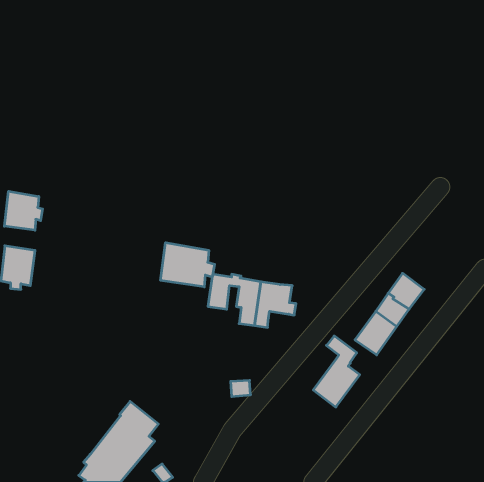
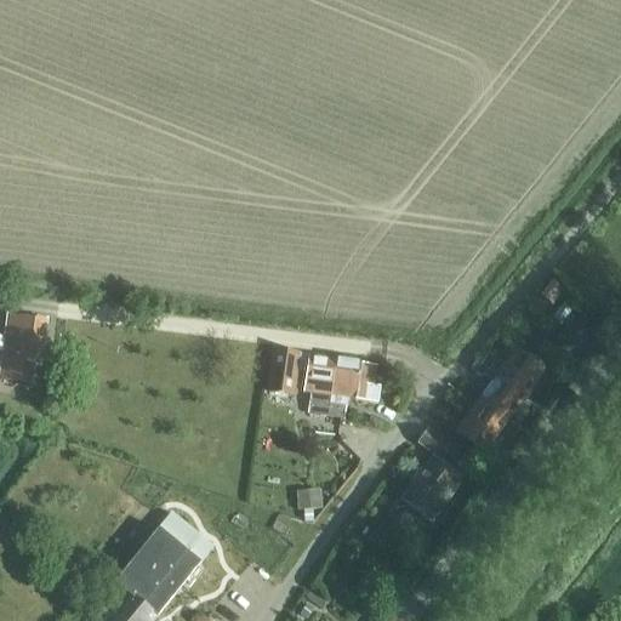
building: [4,191,43,230] -> none
building: [161,243,215,287] -> none

